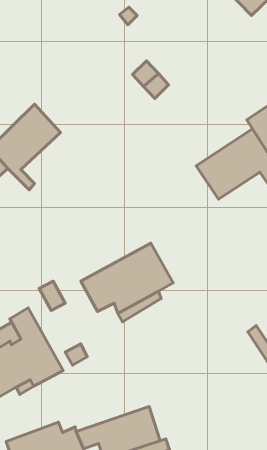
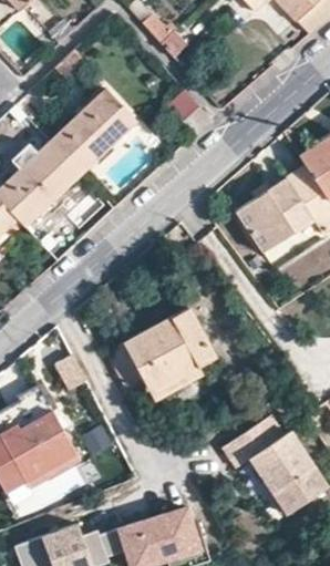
building: none -> [50,89,137,175]
building: none -> [214,416,319,512]

